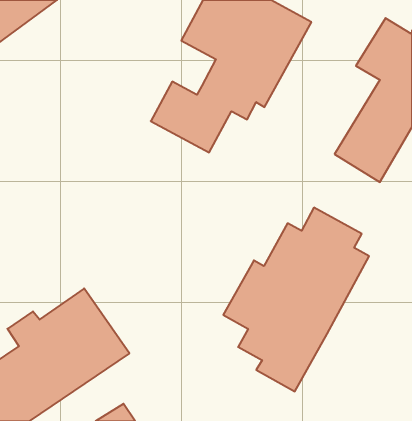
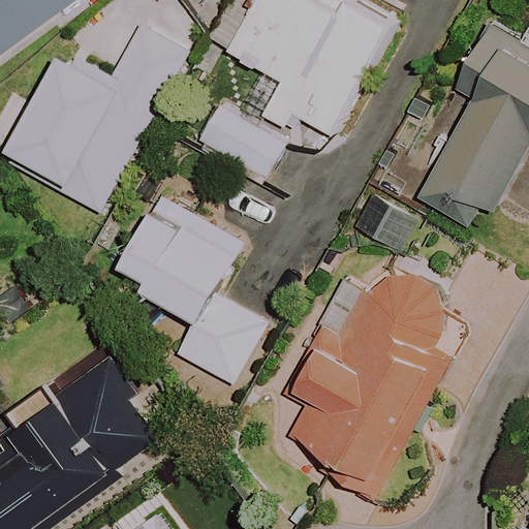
building: none -> [4,25,187,211]
building: none -> [123,195,268,383]

